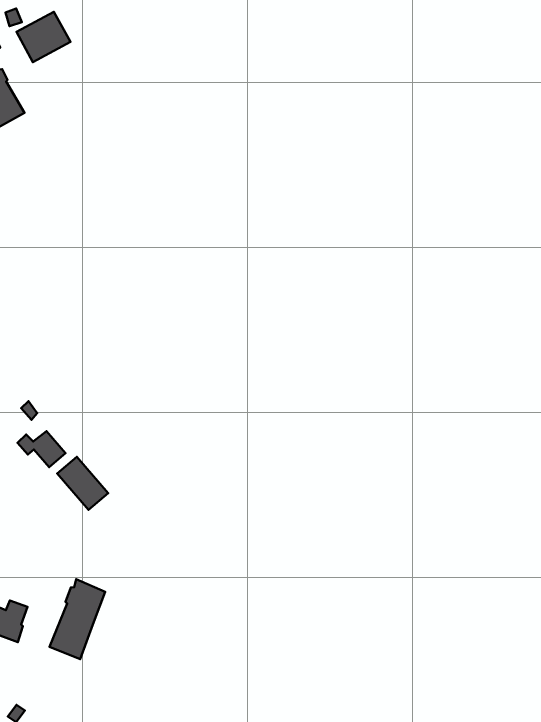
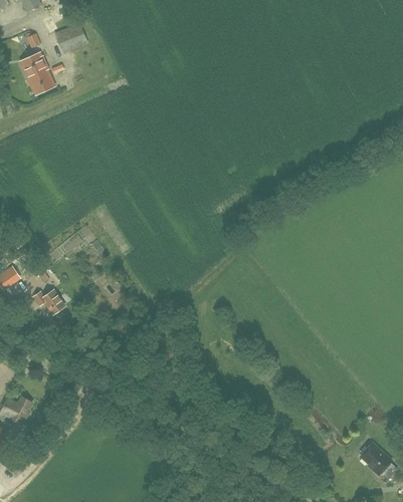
building: [57,457,108,510] -> none
building: [50,579,105,659] -> none

